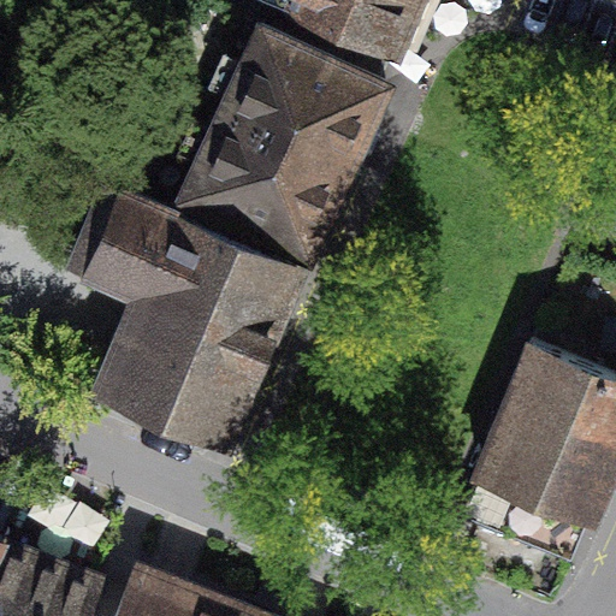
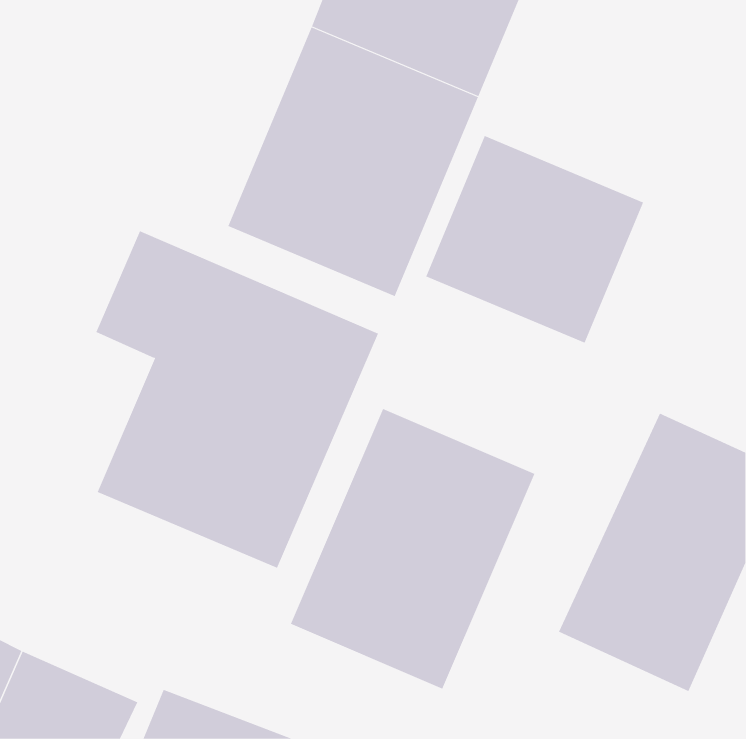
building: none -> [425,135,644,344]
building: none -> [290,408,535,690]

